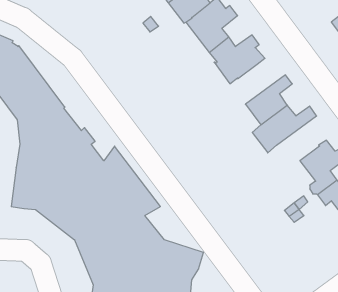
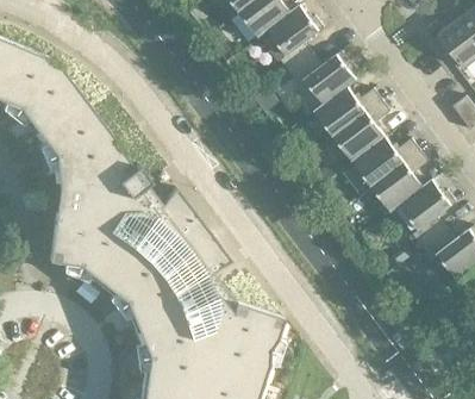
building: none -> [313,88,381,137]
building: none -> [370,151,427,213]

